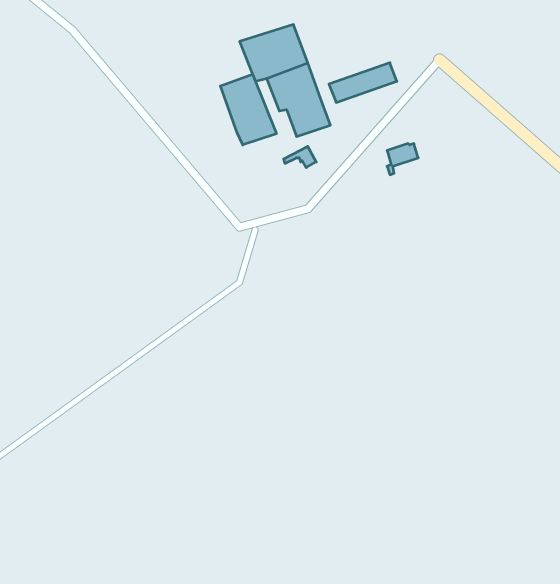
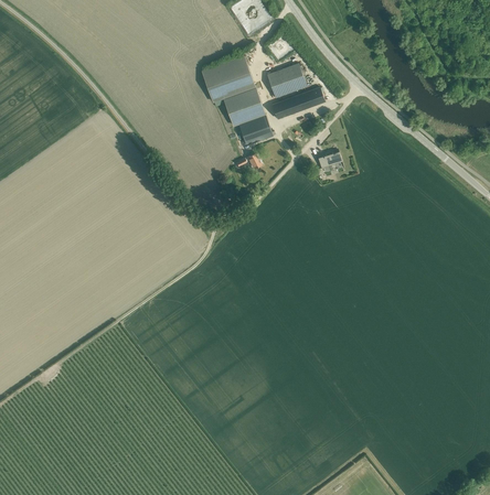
building: none -> [267,63,307,97]
building: [220,74,276,145] -> none

